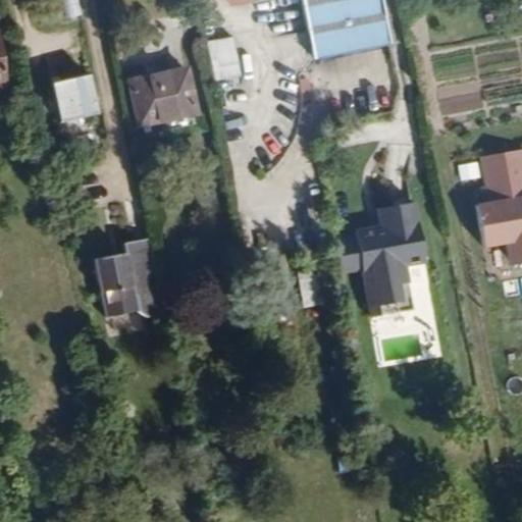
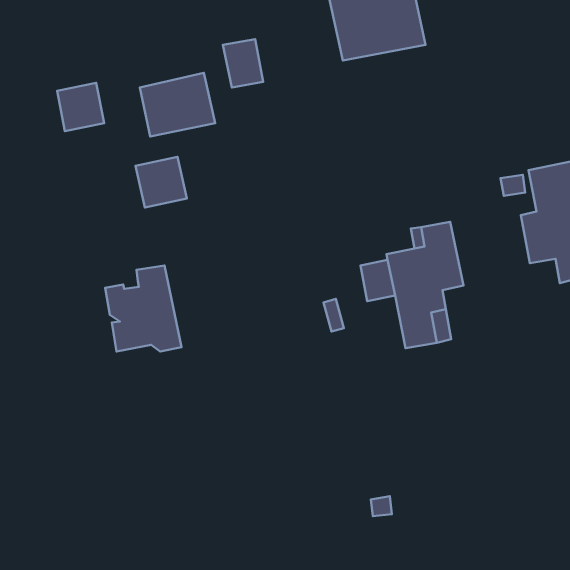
building: none -> [135,157,187,208]

